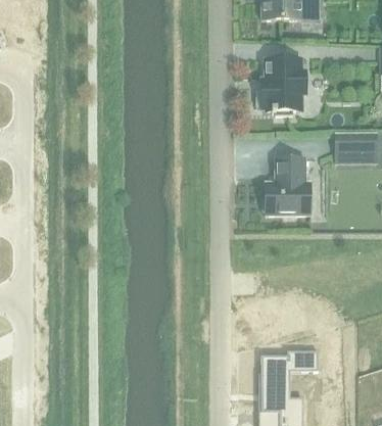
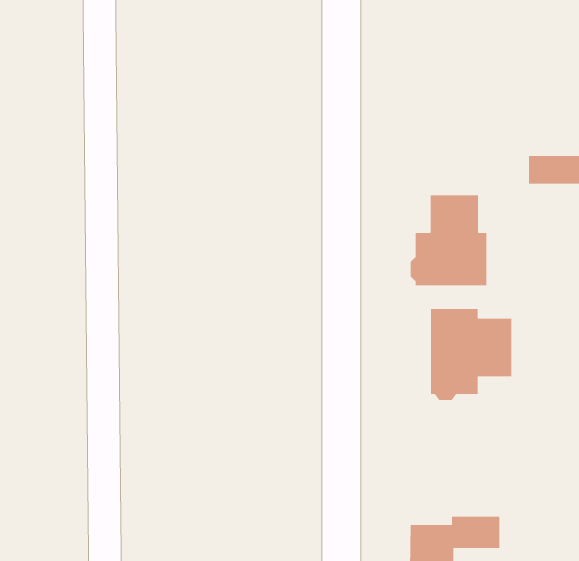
building: [256,57,304,113] -> none
building: none -> [430,308,512,401]

